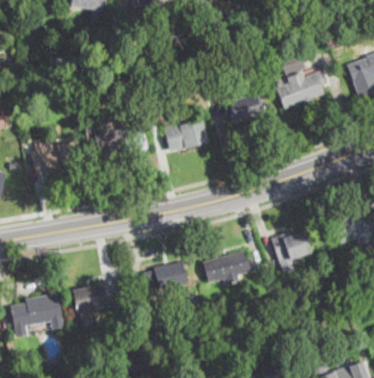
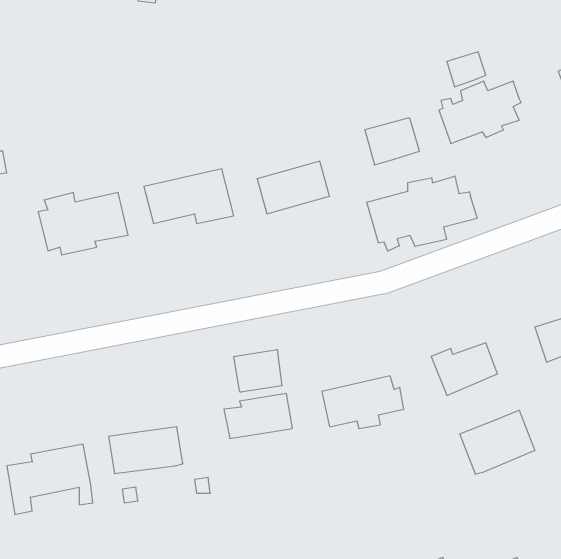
building: none -> [367,176,477,251]
building: none -> [234,349,282,392]
building: none -> [460,410,535,474]

